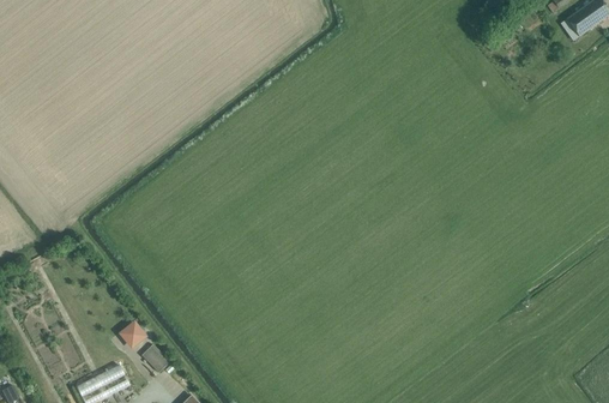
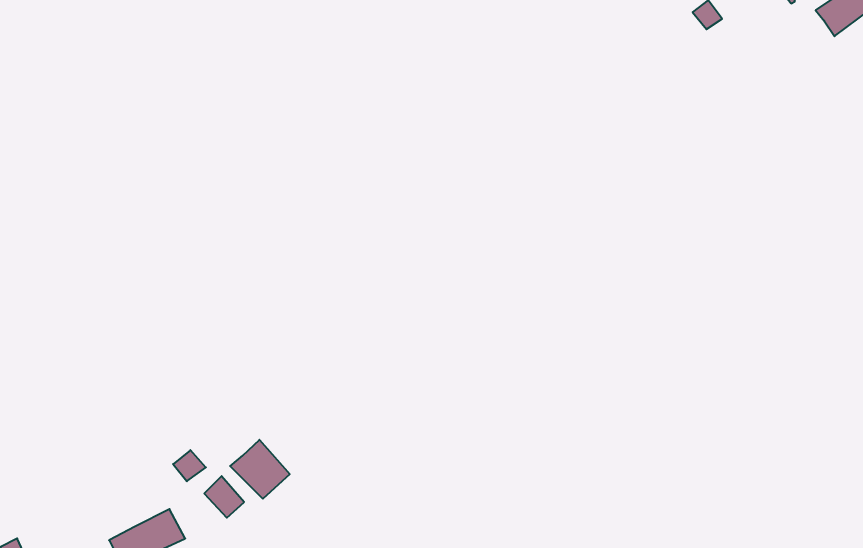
building: none -> [230,440,290,499]

